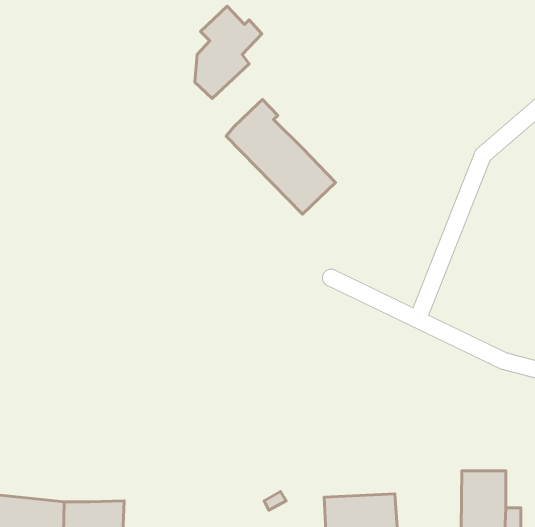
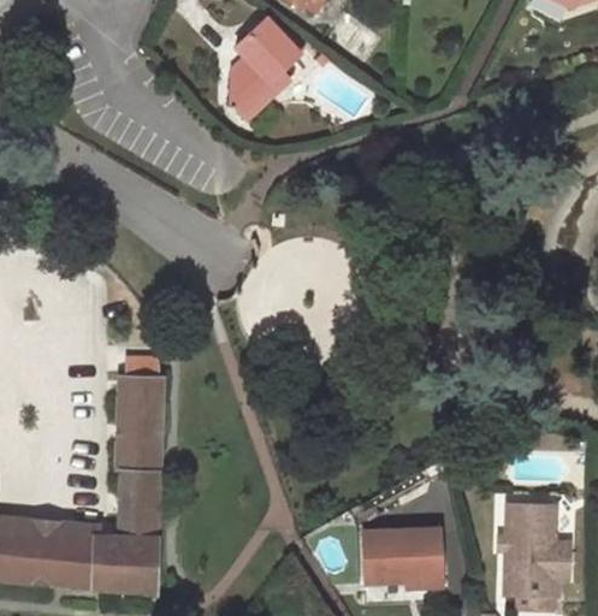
building: [226,99,336,214] -> none
building: none -> [120,355,162,537]

